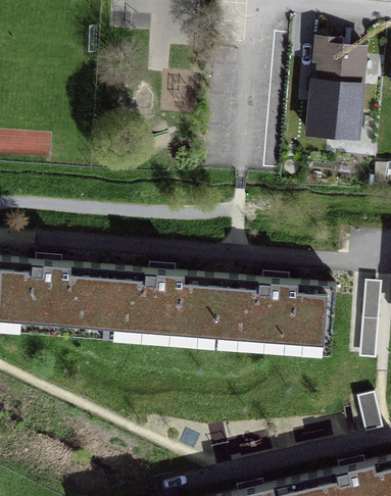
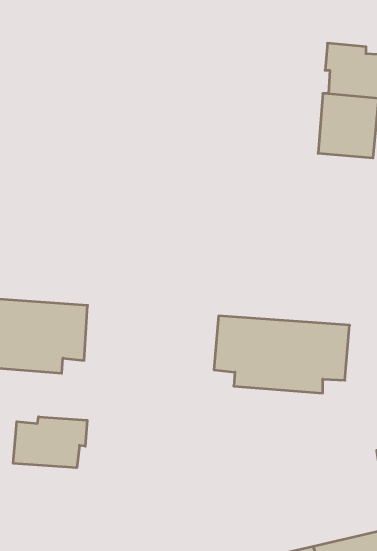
building: [104,272,222,340] -> none
building: none -> [13,417,87,468]

